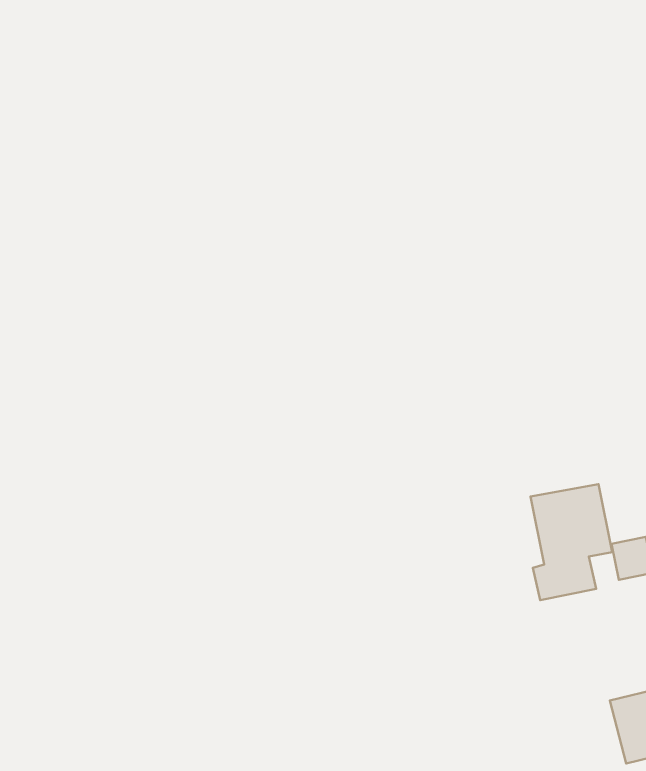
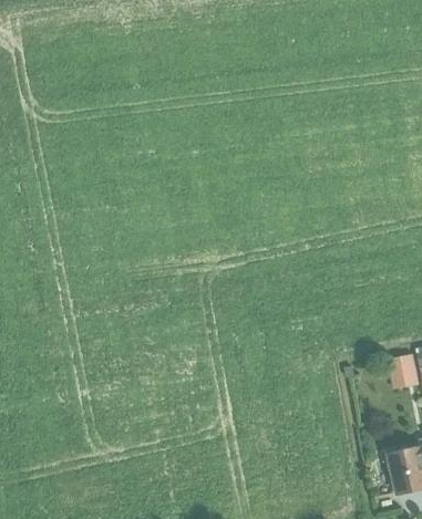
building: [531,484,612,600] -> none

